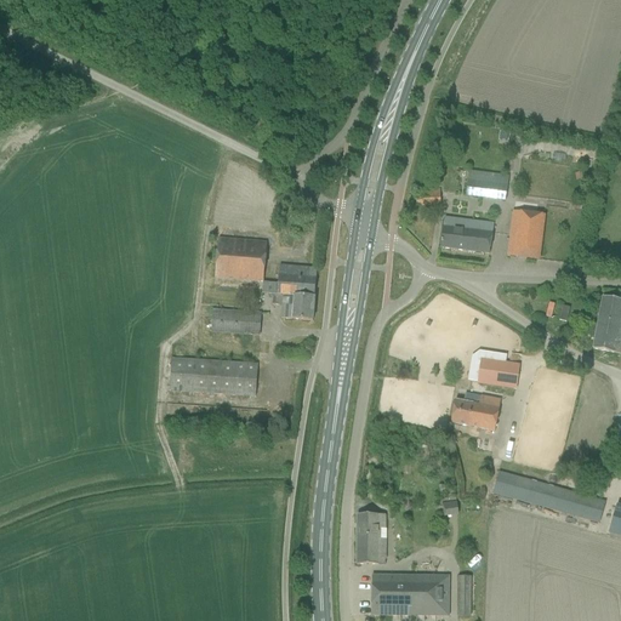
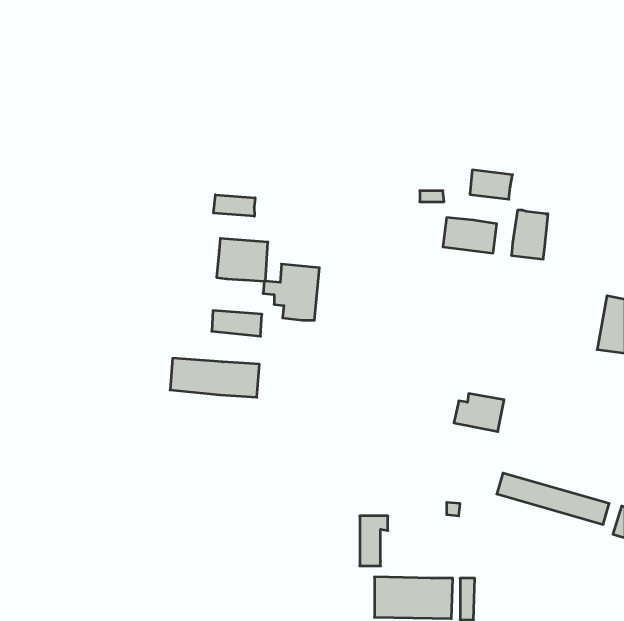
building: none -> [214,195,255,216]
building: [478,358,520,386] -> none

